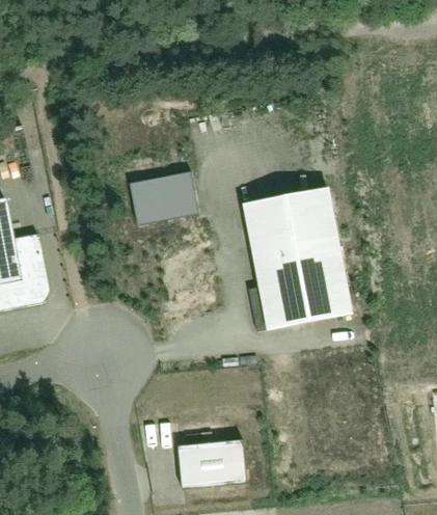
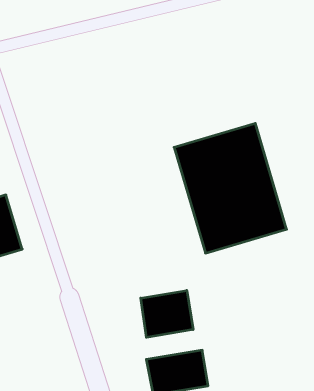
building: [128,172,200,224] -> none
building: none -> [141,290,193,337]

